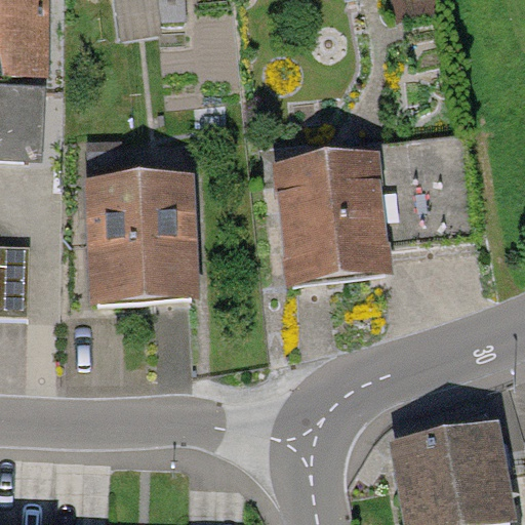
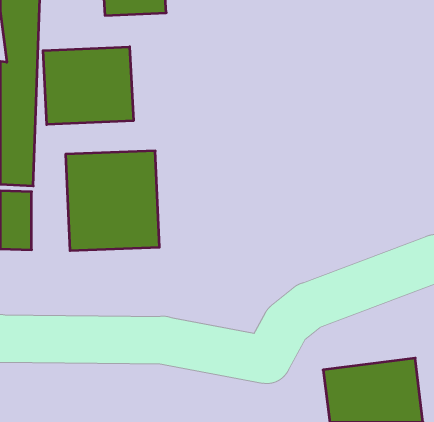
building: none -> [43,47,133,125]
building: [281,164,386,282] -> none

